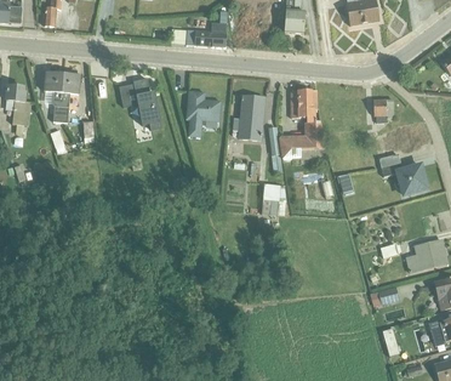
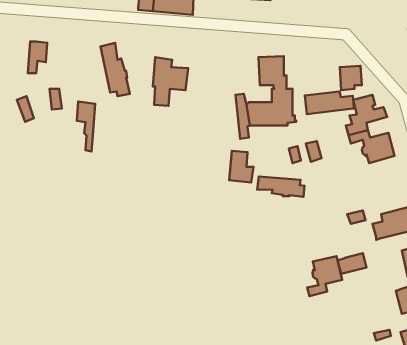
building: [45,72,63,121] -> [77,102,95,151]
building: [232,95,264,141] -> none
building: none -> [305,92,355,114]
building: none -> [257,176,304,197]
building: none -> [307,256,342,296]

